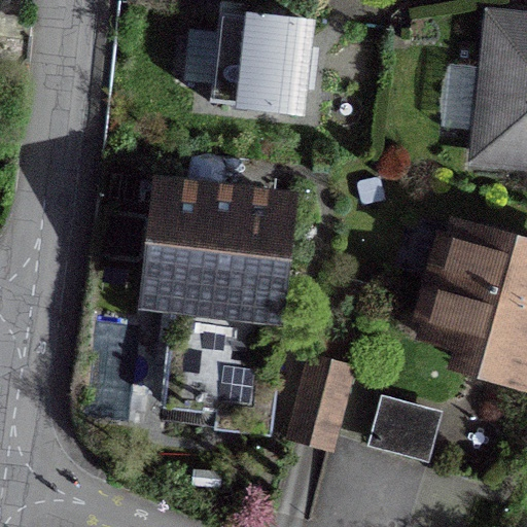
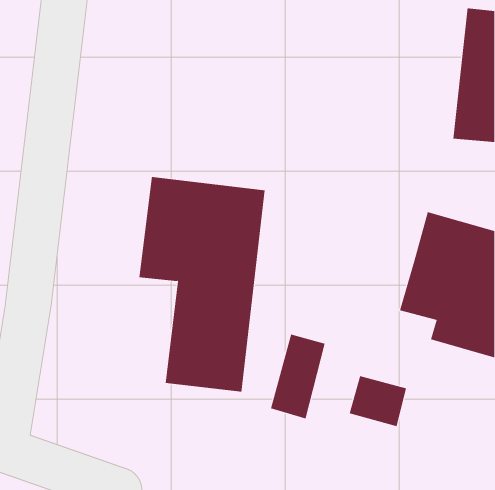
building: [207,10,305,109] -> none

